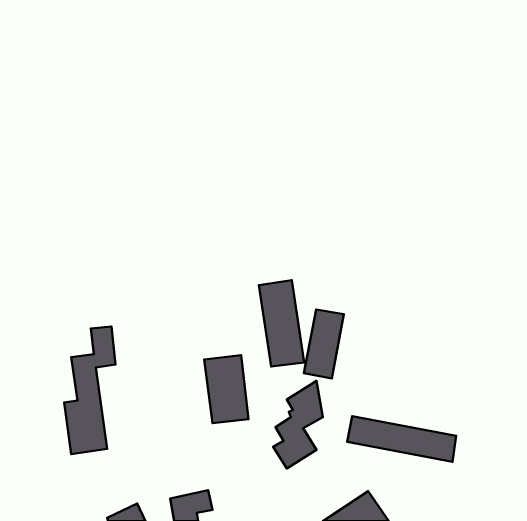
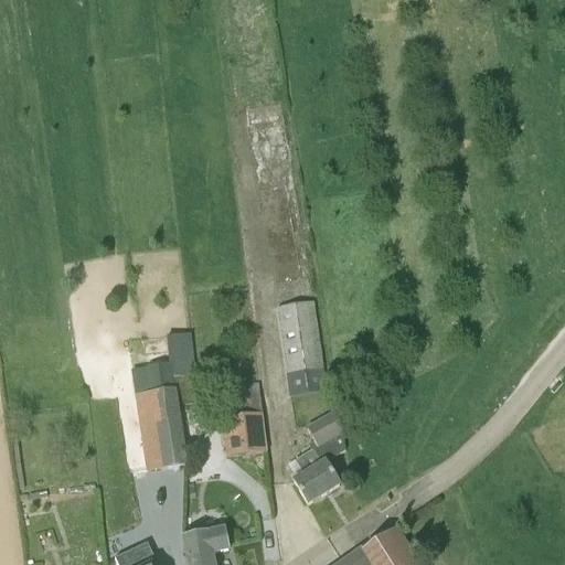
building: [304,310,344,378] -> none
building: [64,326,116,454] -> [139,331,194,468]
building: [347,416,456,462] -> none

